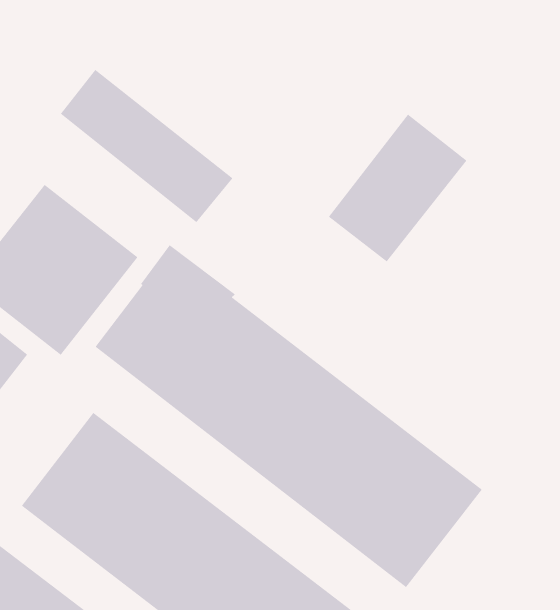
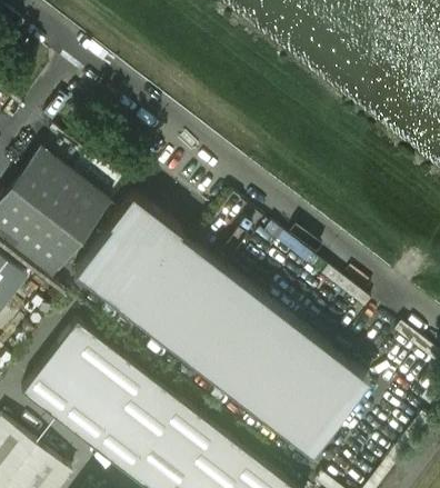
building: [60,69,233,223] -> none
building: [328,114,467,262] -> none

